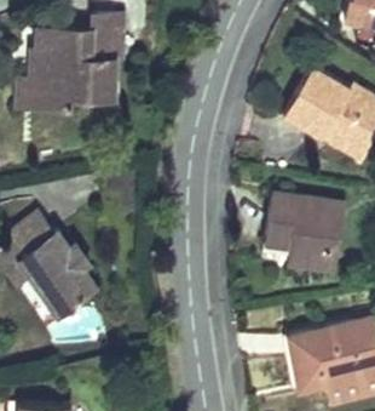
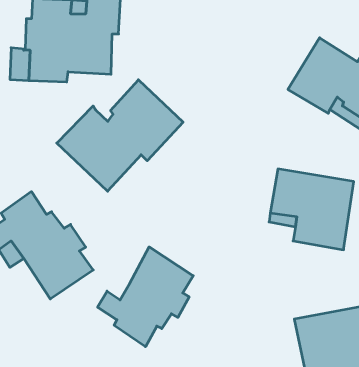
building: none -> [57,80,183,191]
building: none -> [98,247,193,347]

